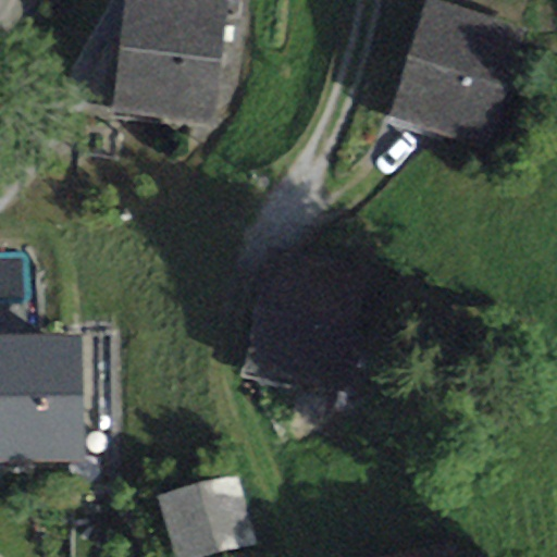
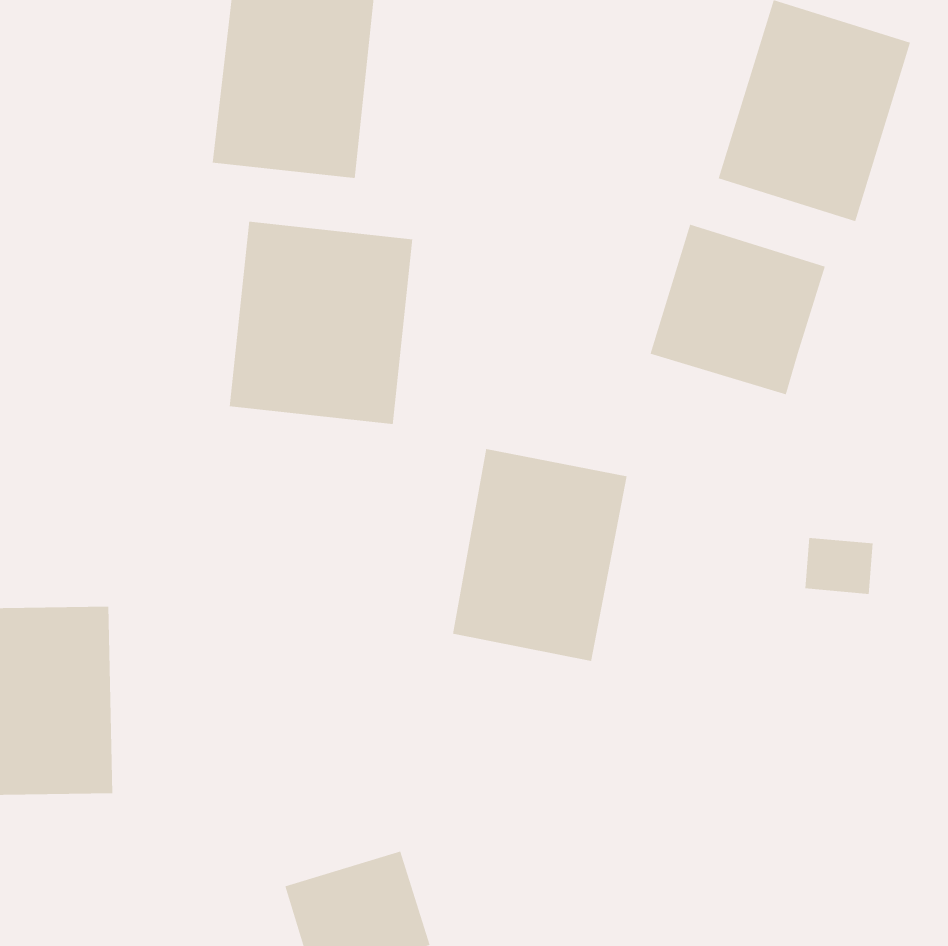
building: none -> [229,221,413,425]
building: none -> [650,224,826,395]

